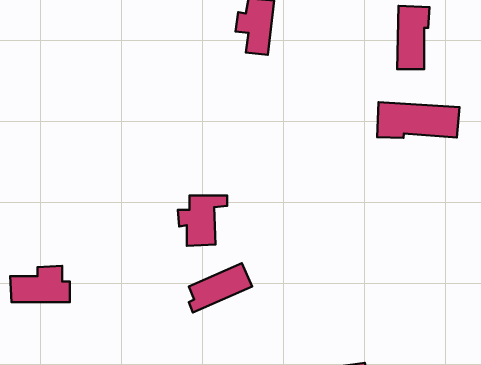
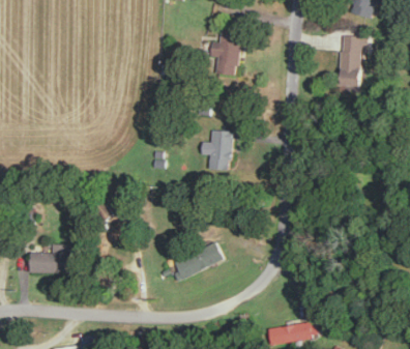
building: [377,102,459,138] -> none
building: [178,195,227,246] -> [201,132,240,172]

